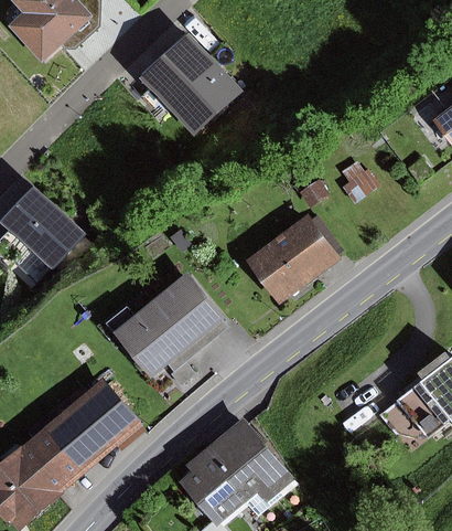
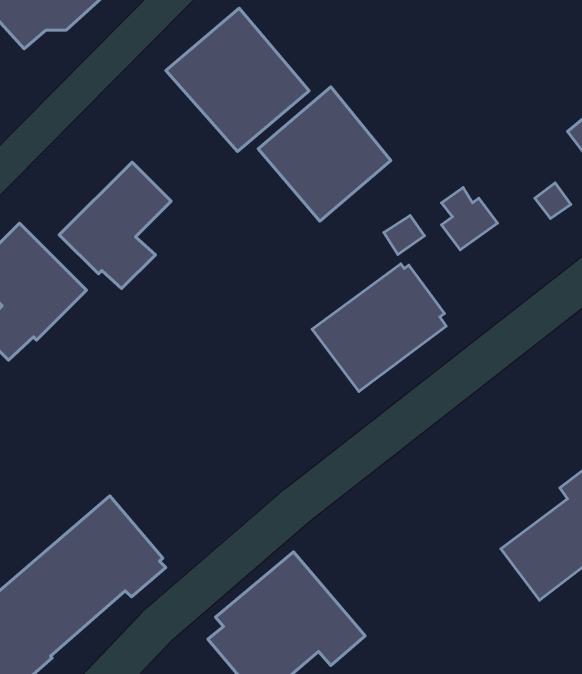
building: none -> [258,87,391,221]
building: none -> [59,162,171,289]
building: [106,270,225,376] -> none

